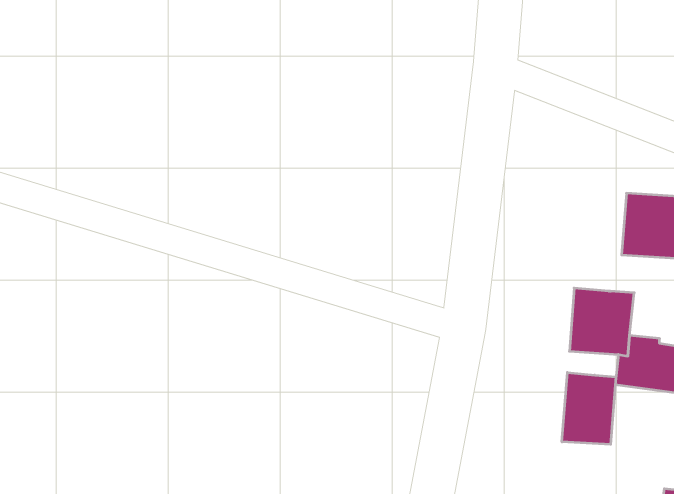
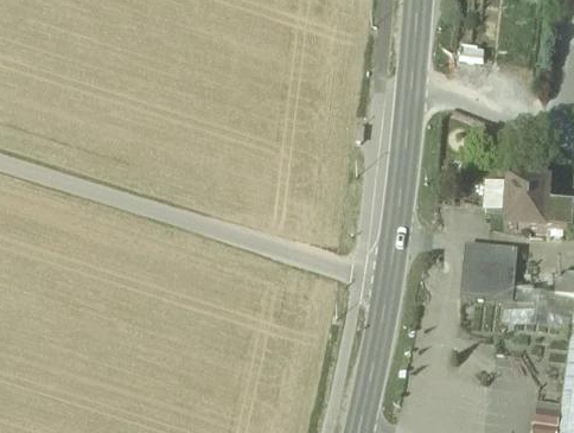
building: [562,372,616,444] -> none

